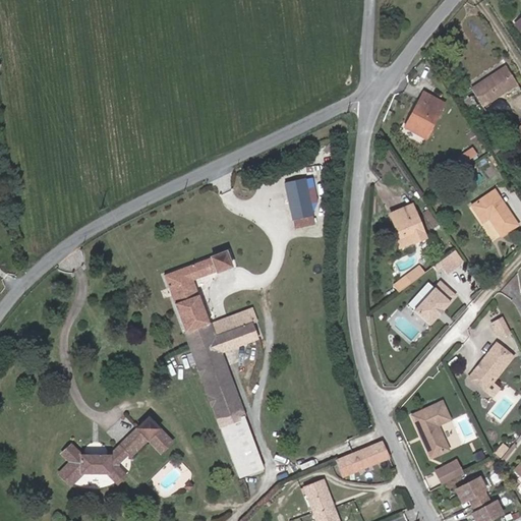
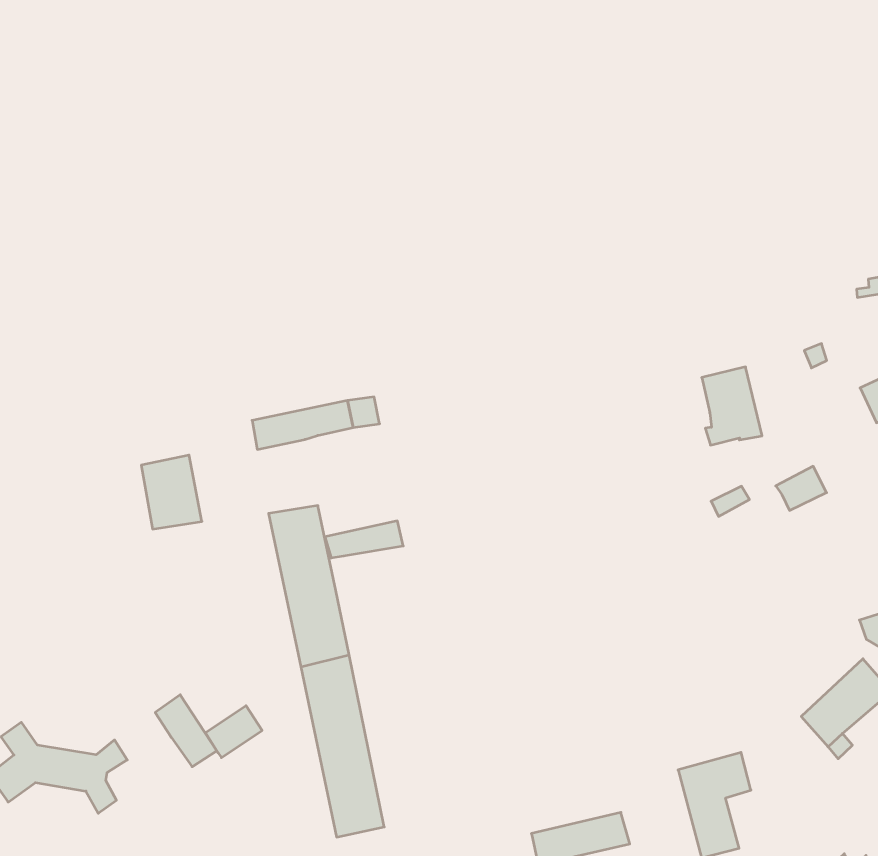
building: [403,92,443,137] -> none
building: [284,174,319,227] -> none
building: [169,278,205,319] -> [141,455,202,529]
building: [413,281,454,324] -> none
building: [216,324,256,352] -> none
building: [121,429,150,458] -> [206,706,262,758]

